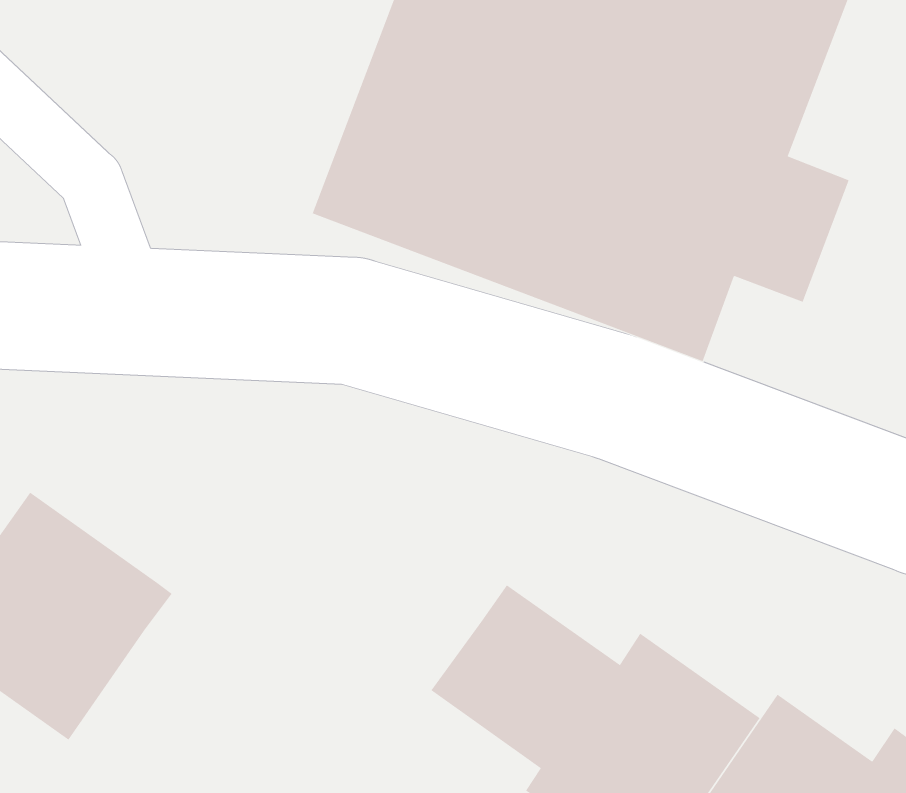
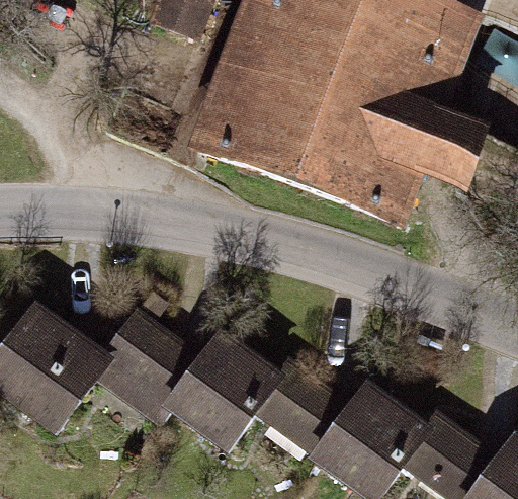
building: none -> [98,313,281,468]

